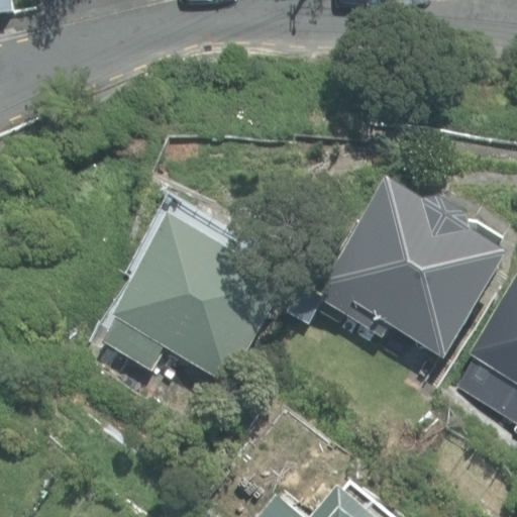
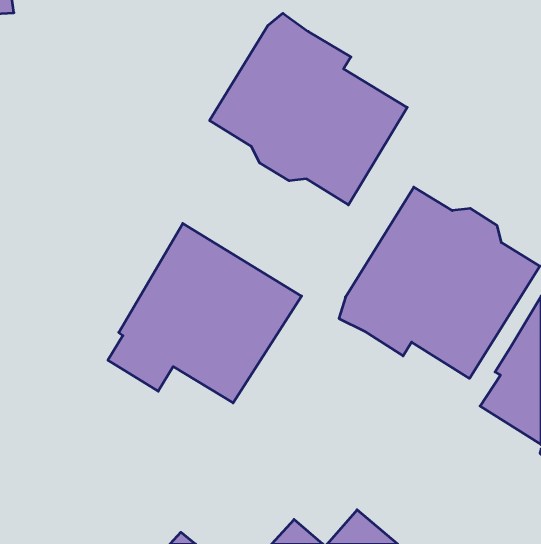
building: none -> [210,13,407,205]

